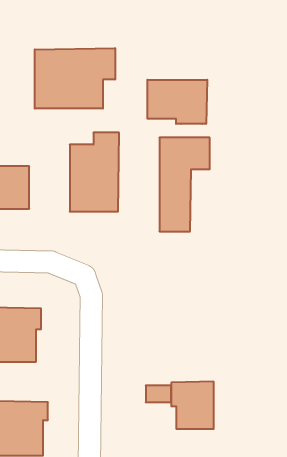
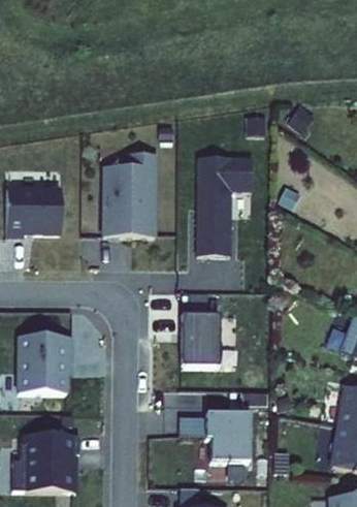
building: [35,48,115,109] -> none
building: [147,80,207,124] -> none
building: none -> [182,315,220,368]

